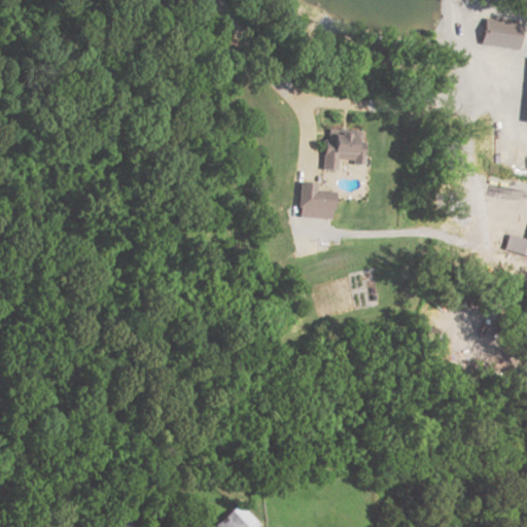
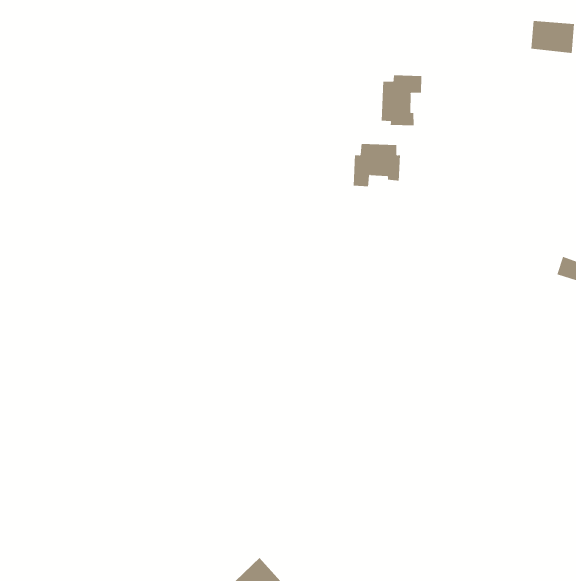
building: none -> [381,75,422,126]
building: [300,184,338,218] -> none

